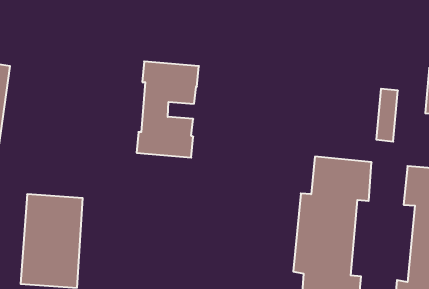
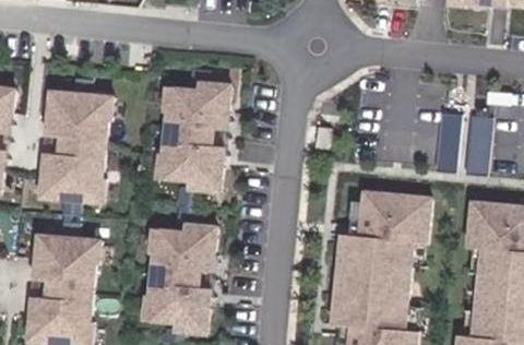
building: none -> [36,88,108,200]
building: none -> [464,114,491,175]
building: none -> [142,219,215,331]

